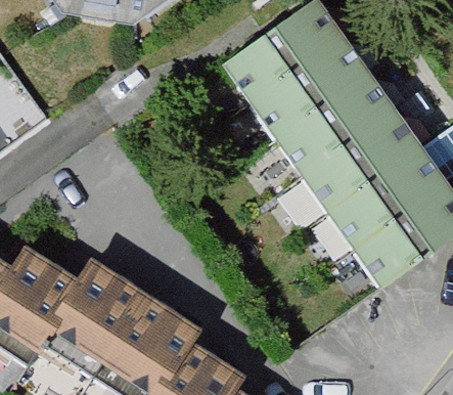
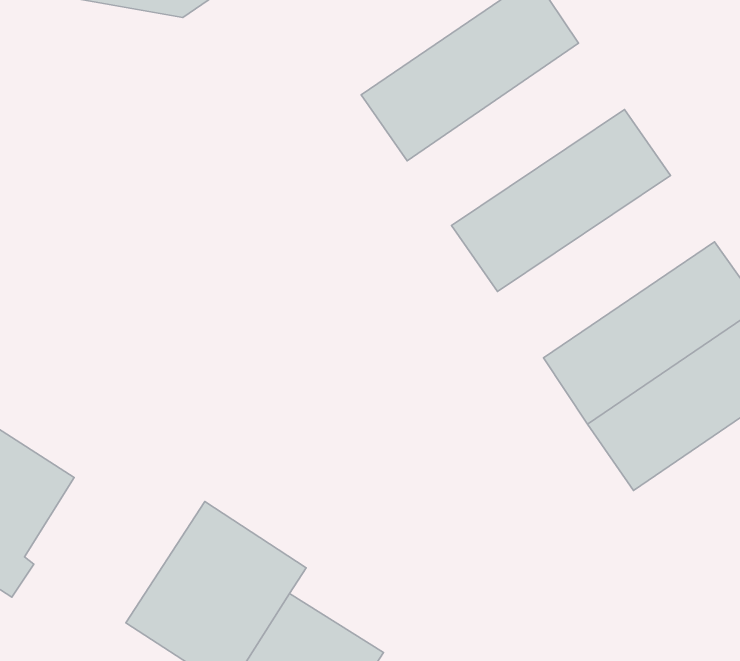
building: [250,36,370,137] -> none
building: [300,109,420,211] -> none
building: [37,254,137,358] -> none

